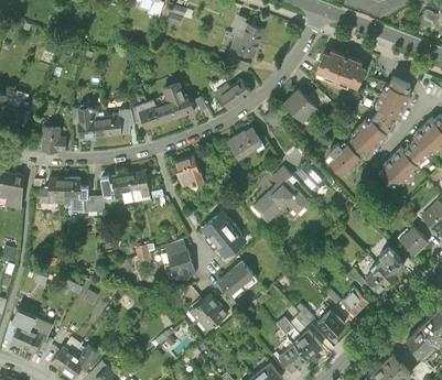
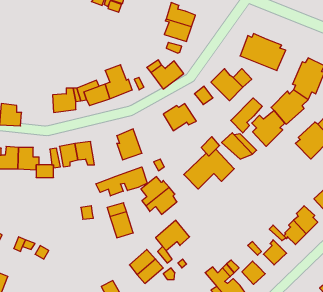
building: [76,111,104,142] -> none
building: none -> [231,98,262,133]
building: none -> [96,167,147,196]

